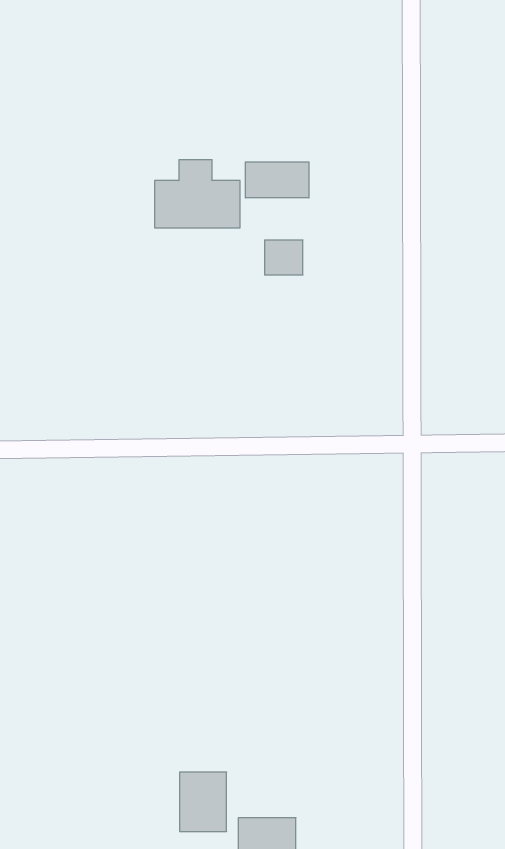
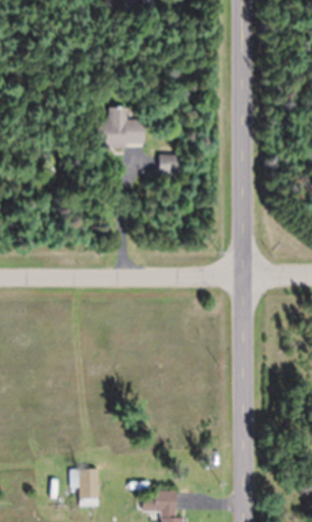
building: [245,162,309,198] -> none
building: [180,772,227,831] -> [71,469,99,504]

